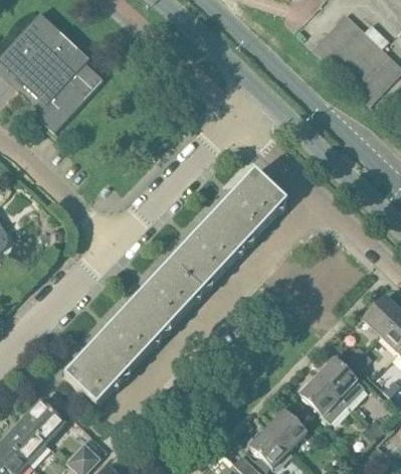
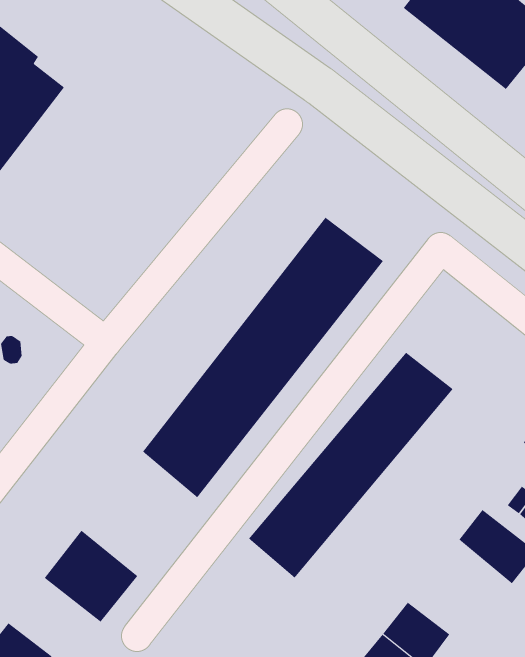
building: none -> [248,352,454,579]
building: [88,303,161,378] -> none
building: [298,373,347,422] -> none

